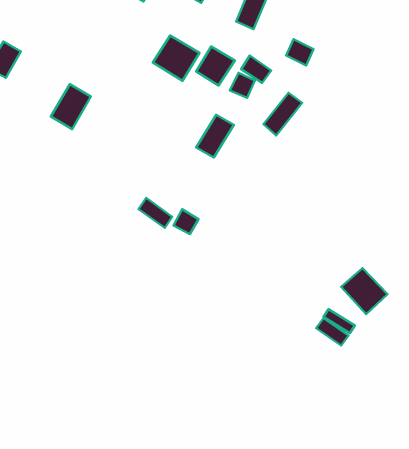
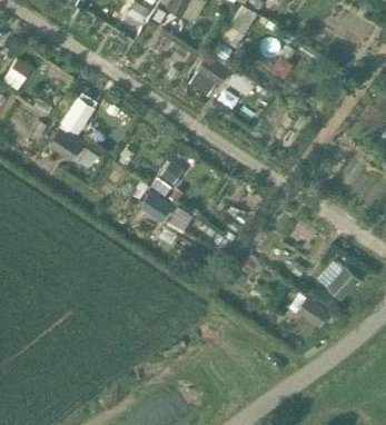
building: [153,36,199,81] -> none
building: [196,115,234,157] -> [151,157,185,195]

